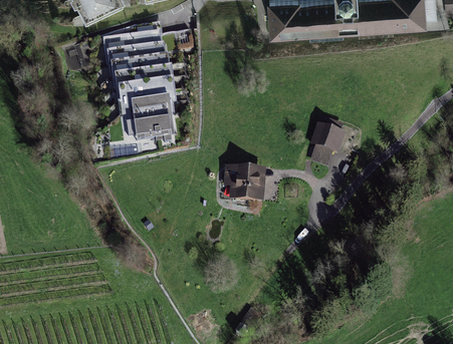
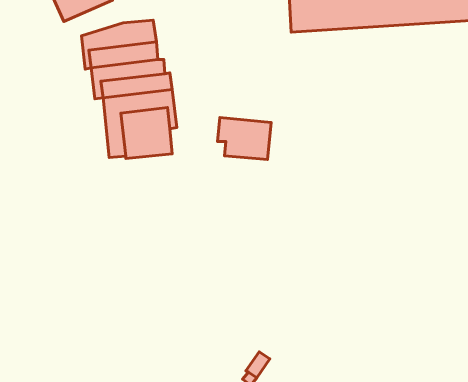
building: [309,117,347,169] -> none
building: [224,166,269,202] -> [217,118,271,159]

